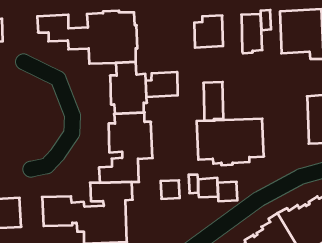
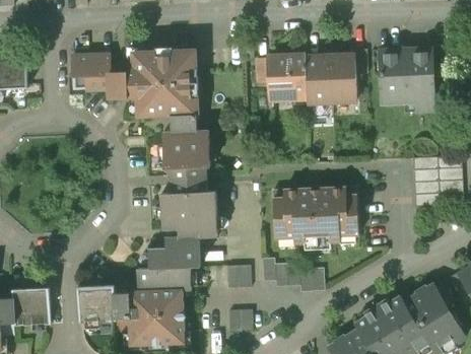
building: [146,72,178,97] -> none
building: [203,82,223,121] -> [306,55,331,103]
building: none -> [229,309,253,333]

